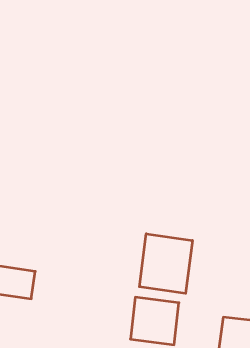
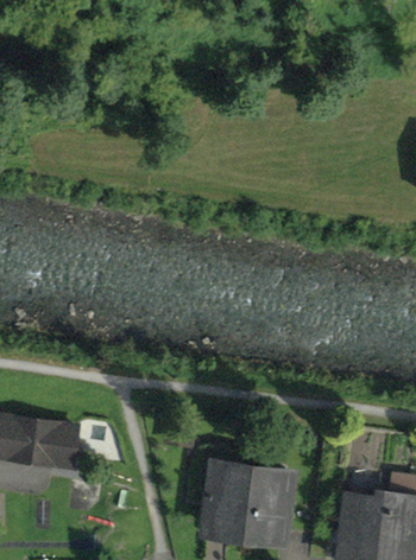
building: [139,234,192,293] -> none

